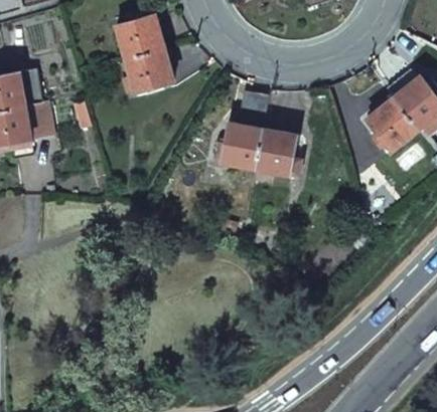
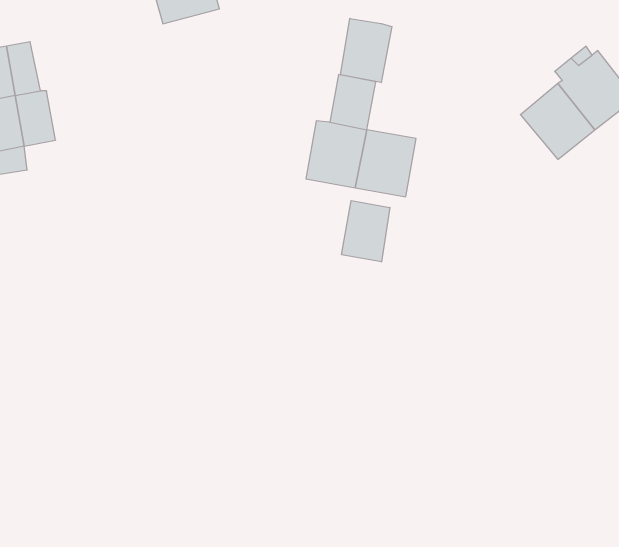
building: [124,48,172,91] -> none
building: none -> [340,18,392,83]
building: none -> [342,201,390,262]

